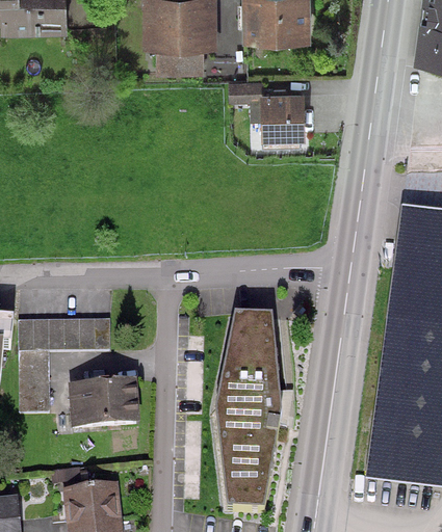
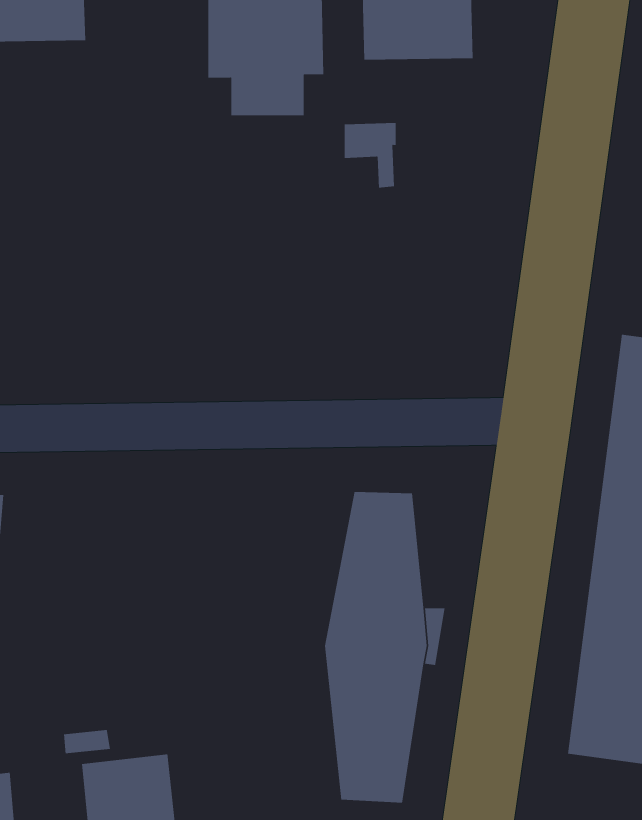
building: [259,95,305,144] -> none
building: [17,317,110,411] -> none
building: [67,376,139,427] -> none

